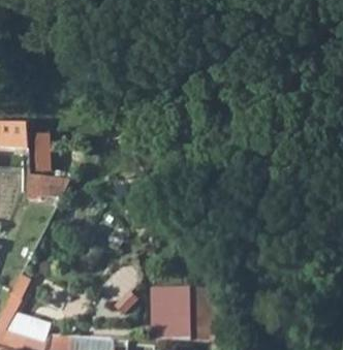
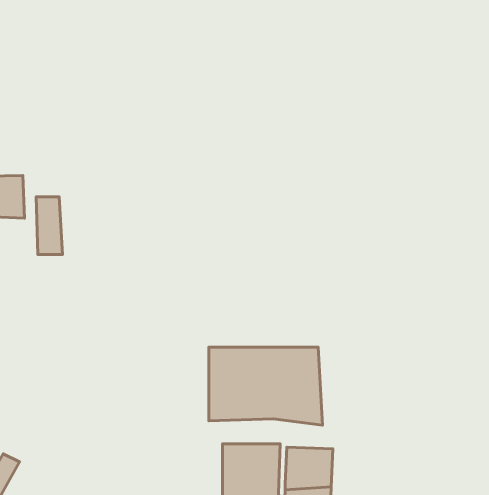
building: [28,174,71,200] -> none
building: none -> [209,347,323,425]

